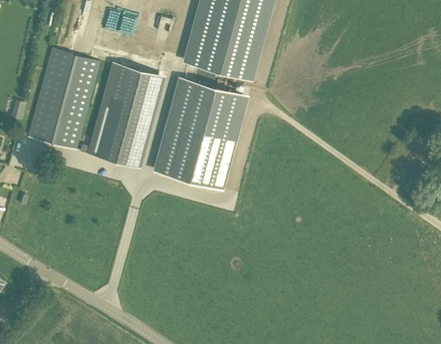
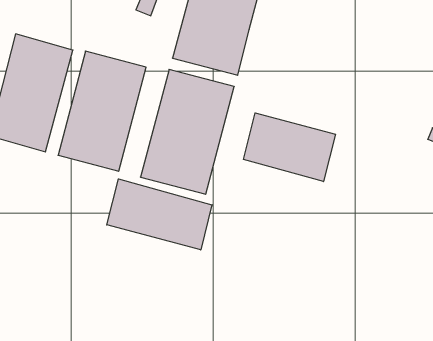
building: none -> [243,113,336,182]
building: none -> [107,179,212,250]

